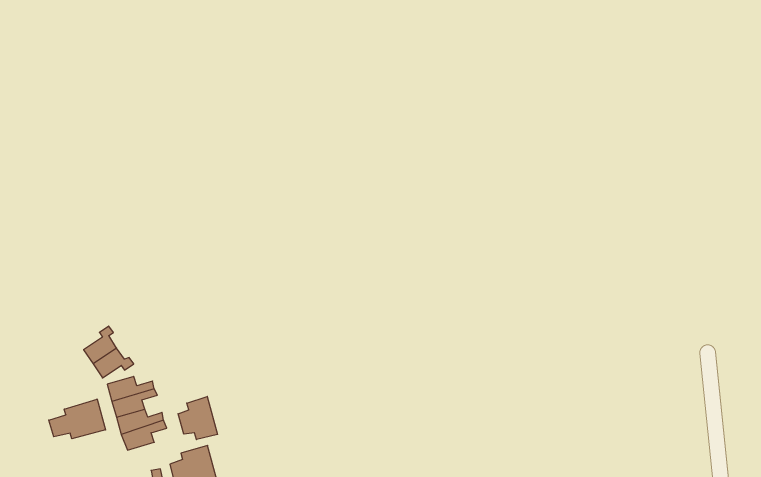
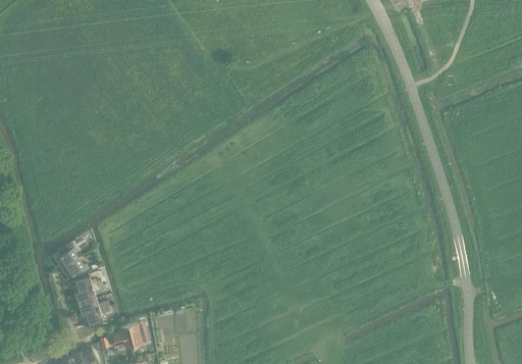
building: [178,396,218,440] -> none
building: [49,399,106,439] -> none

